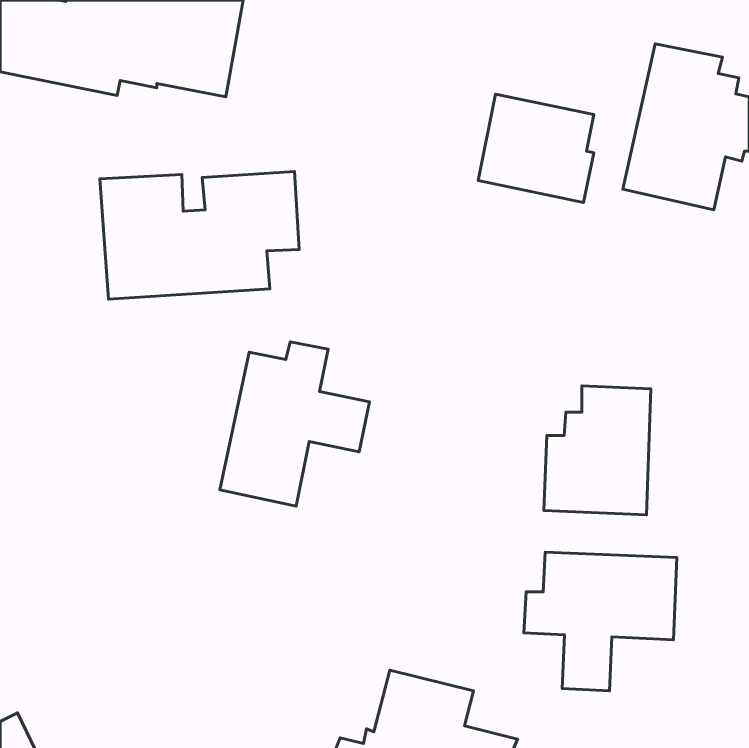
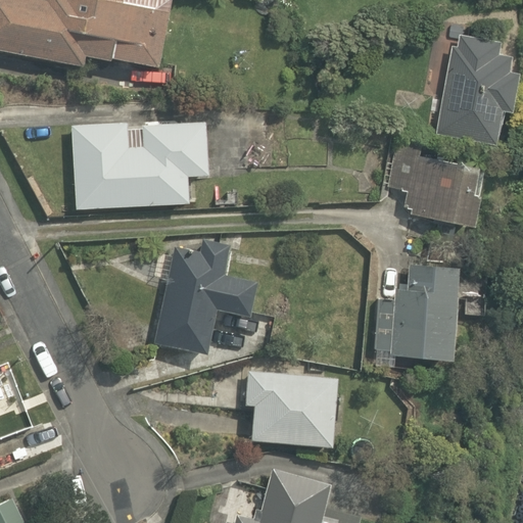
building: [478,94,594,203] -> [401,150,482,226]
building: none -> [245,371,336,445]
building: [524,552,677,691] -> none

